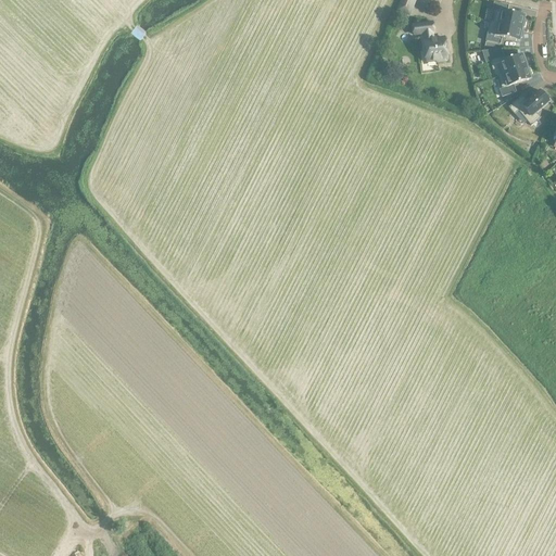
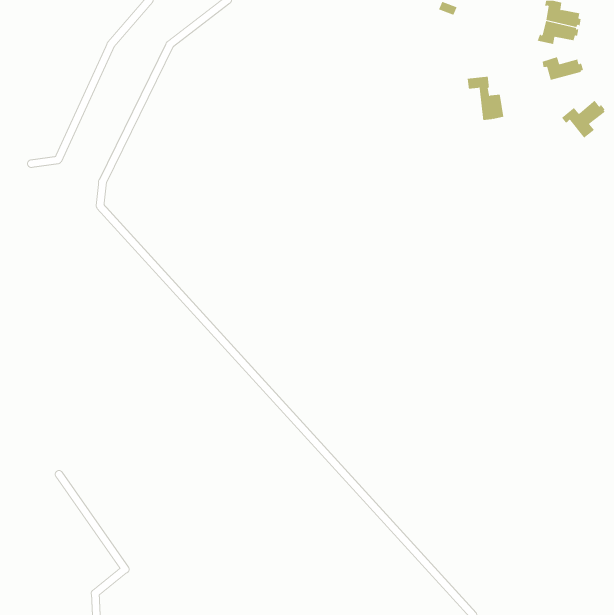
building: [412,23,445,63] -> [467,76,504,121]
building: [496,65,529,92] -> none

